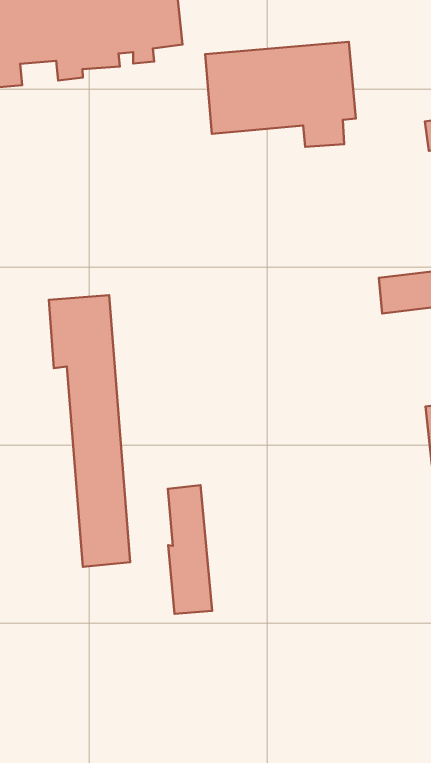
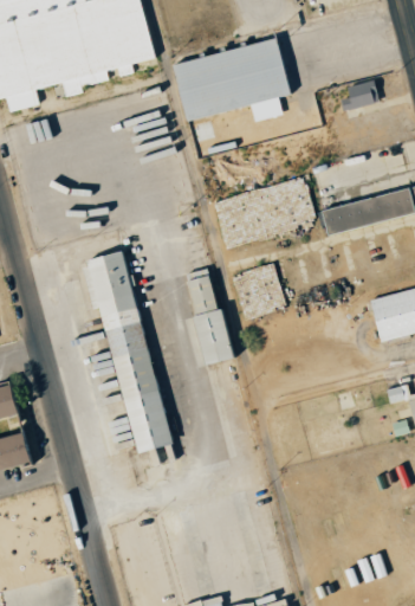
building: none -> [215,178,317,249]
building: none -> [234,263,287,321]
building: [168,485,212,614] -> [186,267,231,365]

